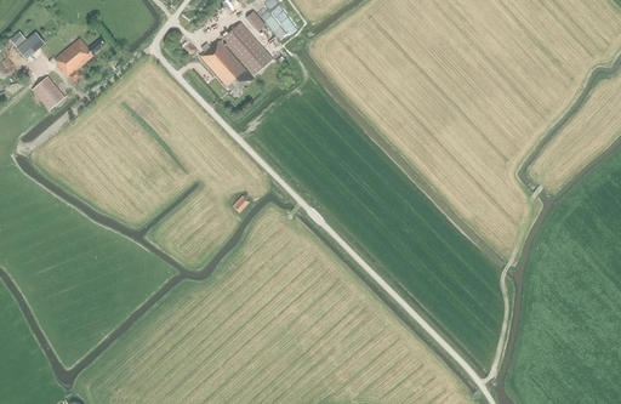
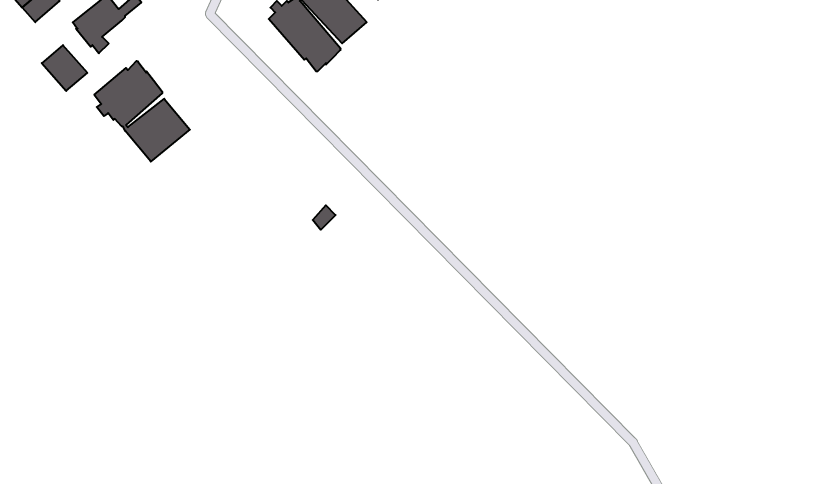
building: none -> [94,61,190,162]

